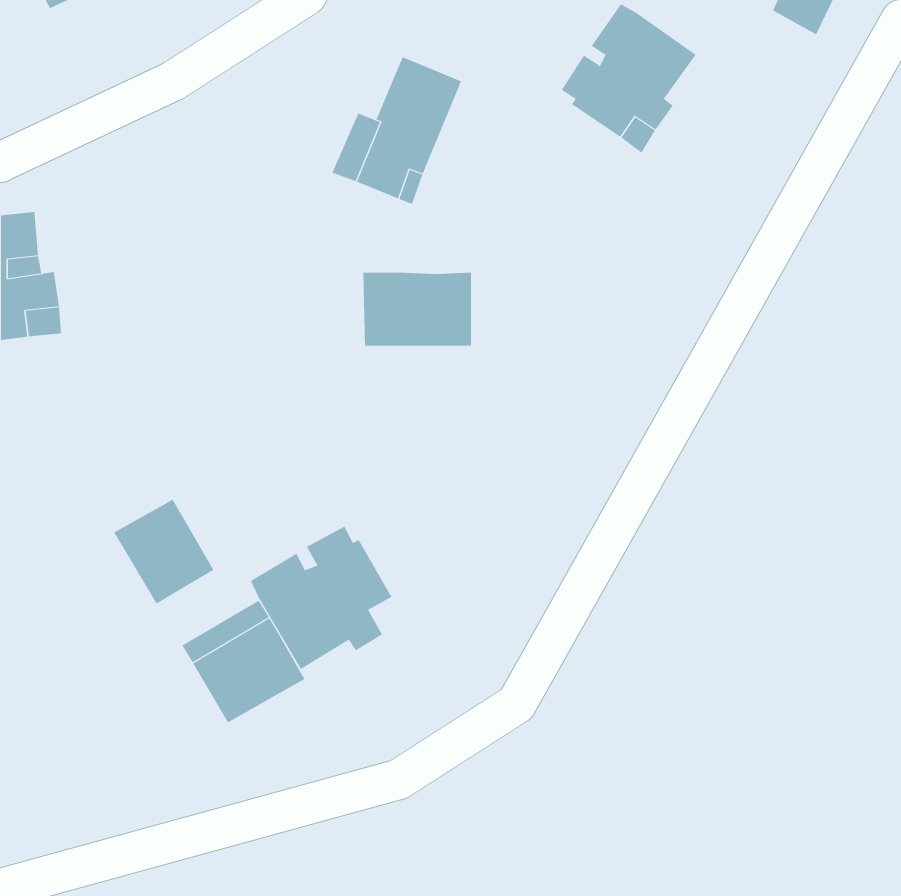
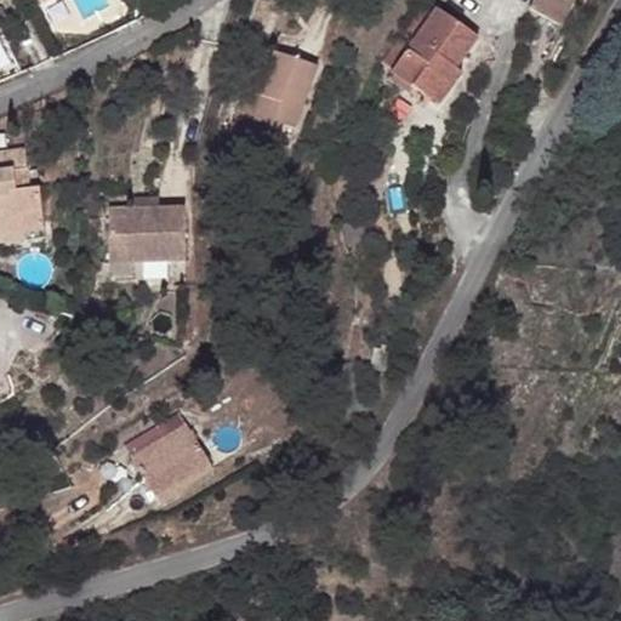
building: [362,272,472,346] -> [109,204,184,255]
building: [114,499,214,605] -> none
building: [250,526,392,670] -> none

